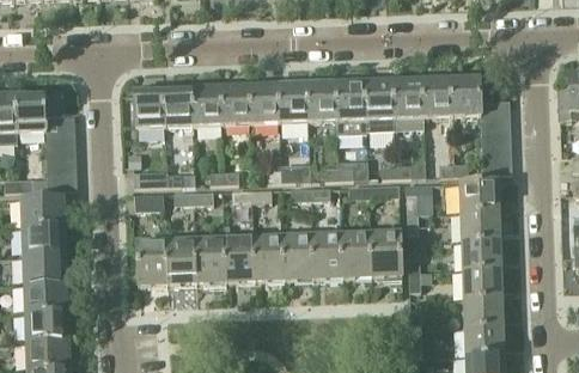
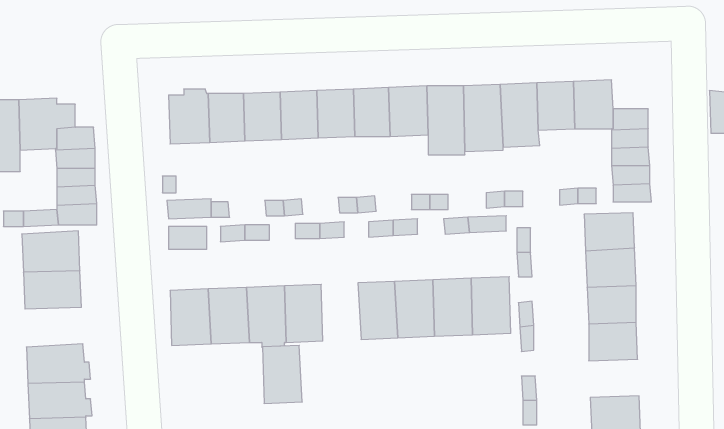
building: [254,236,285,281] -> [263,345,302,403]
building: [22,255,67,286] -> none
building: [463,295,502,325] -> none

